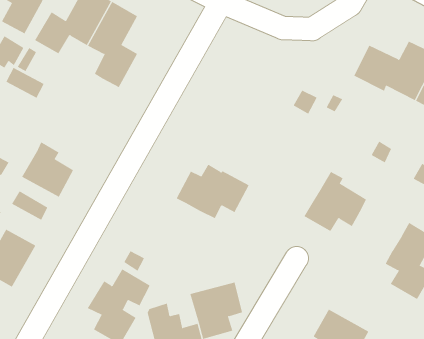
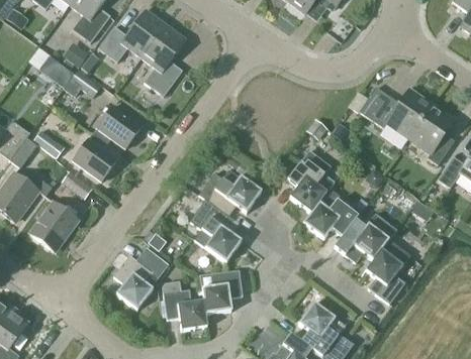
building: none -> [92,105,140,148]
building: none -> [286,149,334,212]
building: none -> [334,212,396,262]
building: none -> [190,199,241,262]

